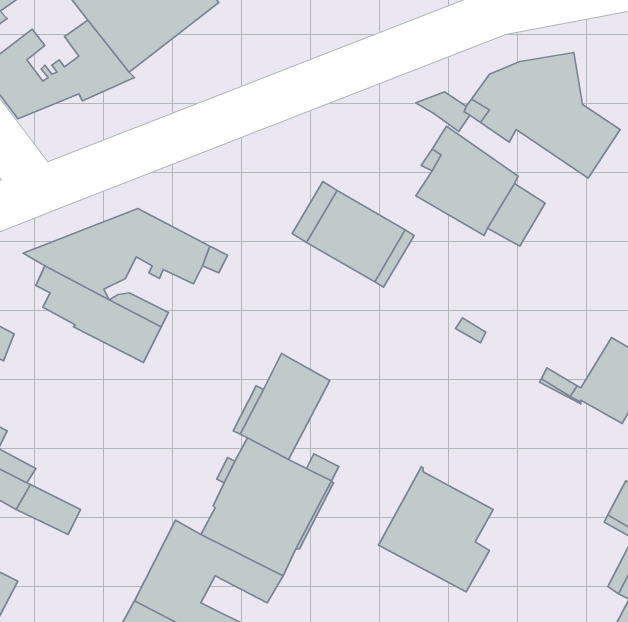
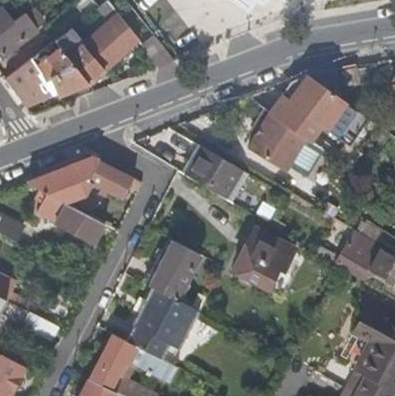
building: [378,466,493,592] -> [231,227,295,298]

